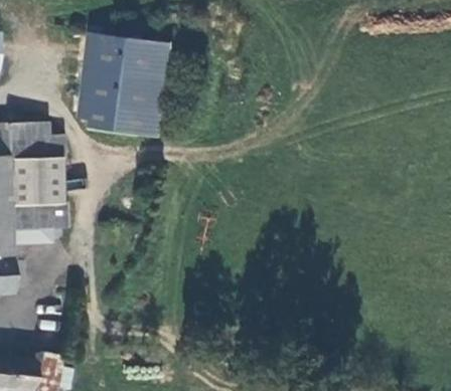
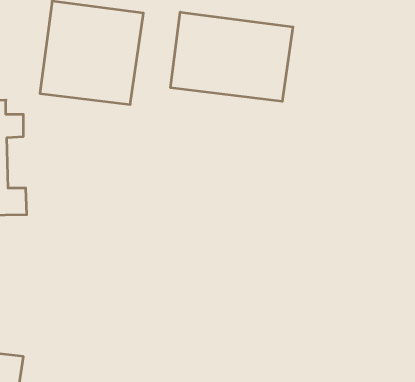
building: none -> [171,12,293,101]

